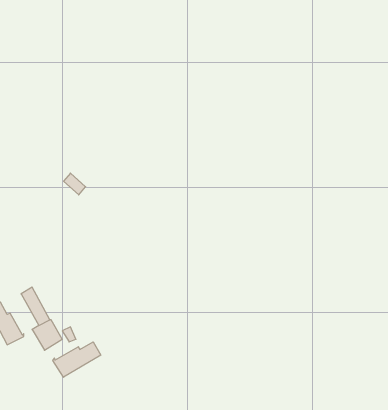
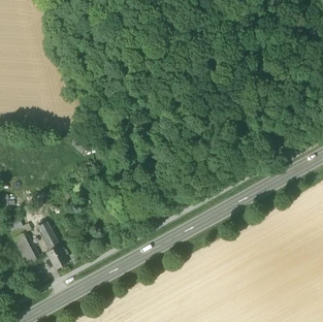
building: [53,342,101,377] -> none

